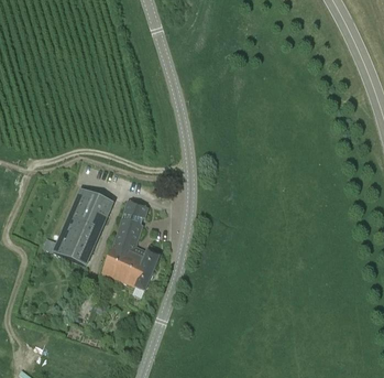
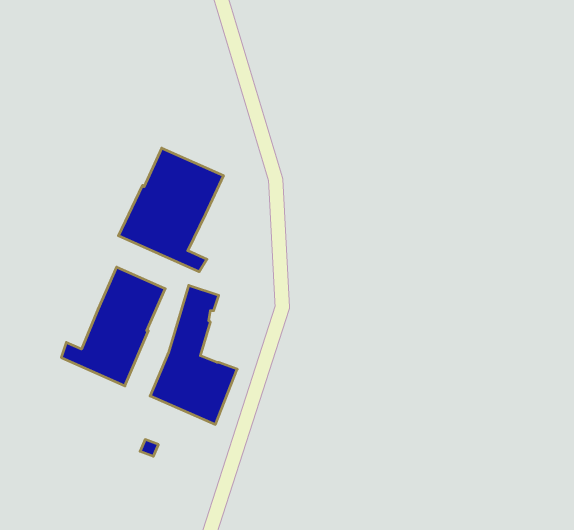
building: none -> [118,148,223,272]

